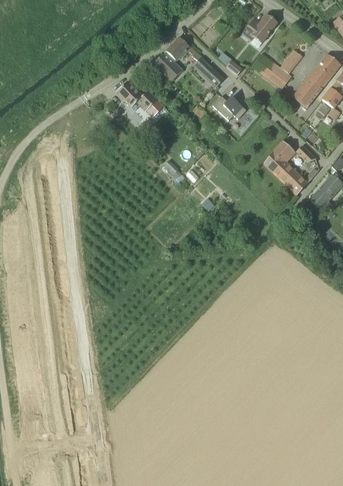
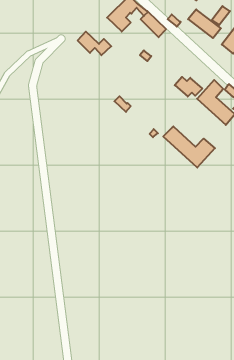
building: [213,95,247,119] -> [175,77,202,97]
building: none -> [163,126,215,168]

